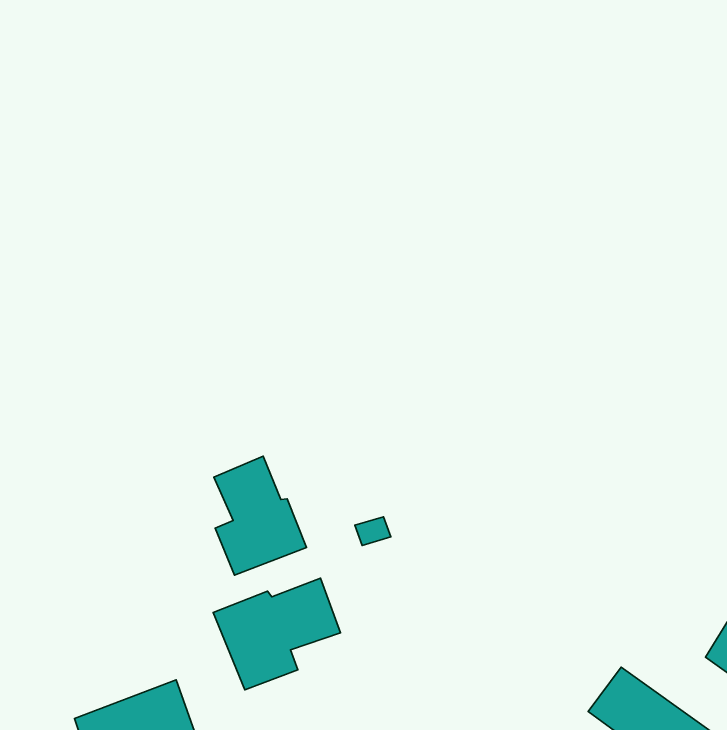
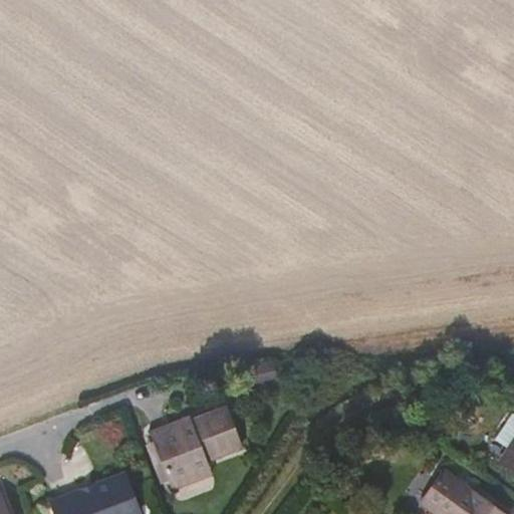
building: [214,456,307,575] -> none

